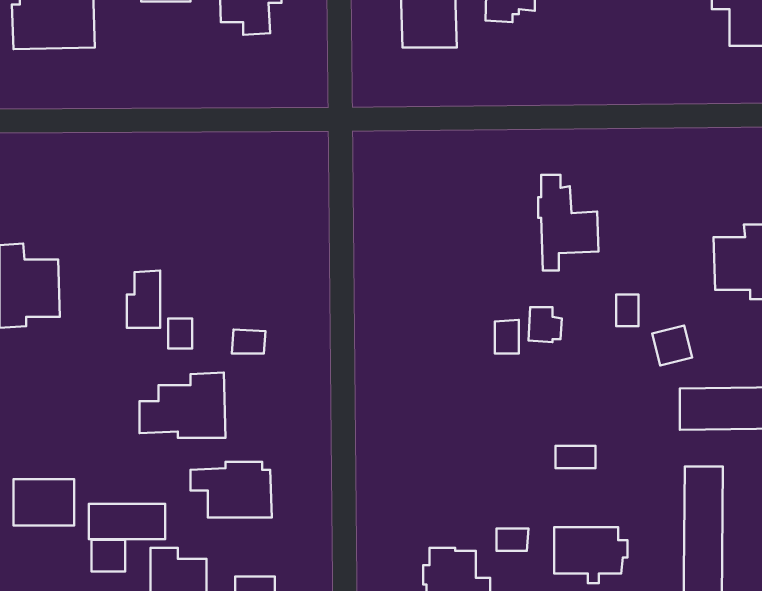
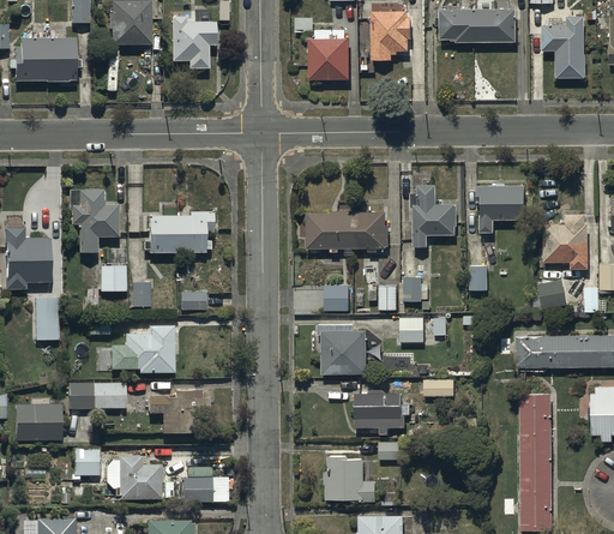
building: none -> [476,186,524,233]
building: none -> [70,190,119,252]
building: none -> [144,205,215,260]
building: none -> [306,211,389,254]
building: none -> [324,284,348,311]
building: [652,326,692,365] -> [536,278,566,308]
building: none -> [34,299,58,340]
building: none -> [399,317,445,342]
building: none -> [321,330,367,373]
building: [89,504,165,539] -> [68,383,126,409]
building: [554,527,628,583] -> [354,392,409,434]

